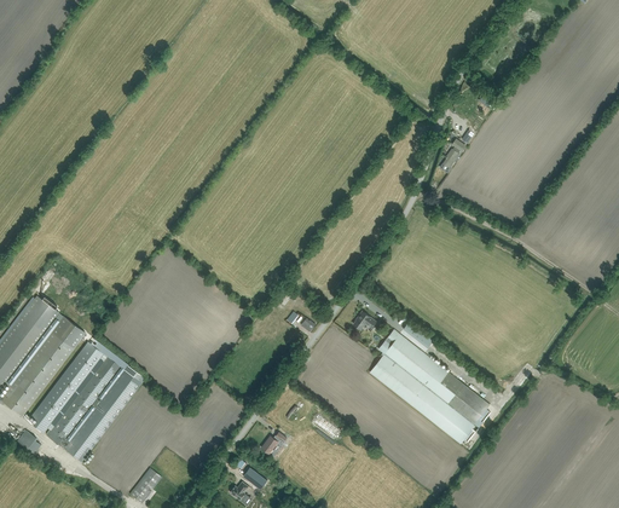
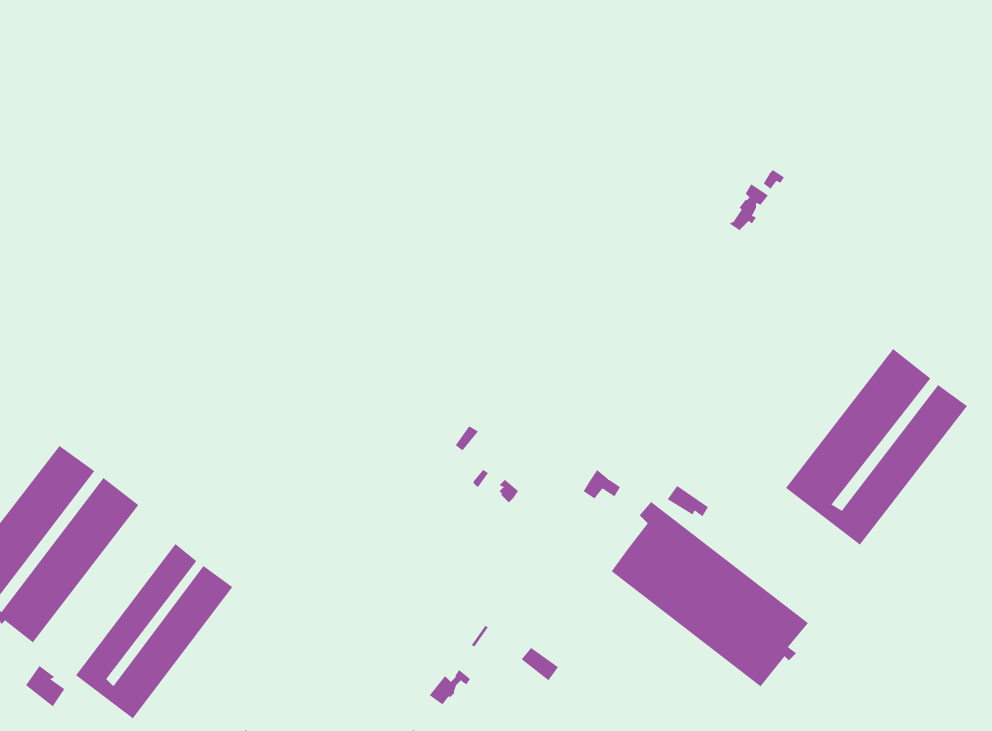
building: none -> [785,348,968,546]
building: [30,340,102,431] -> none

